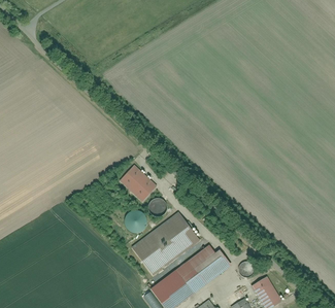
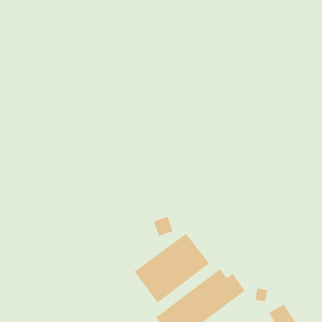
building: [121,165,157,201] -> none
building: [125,209,147,232] -> none

